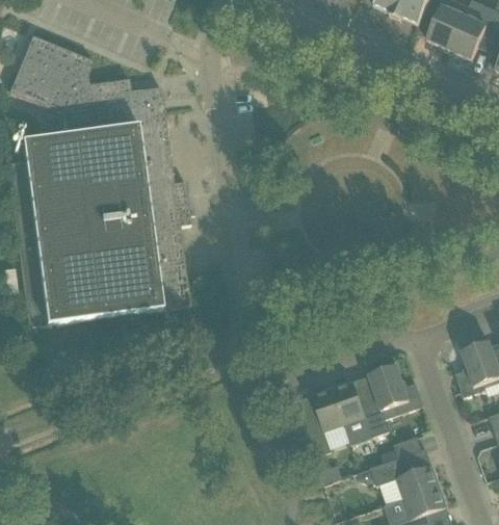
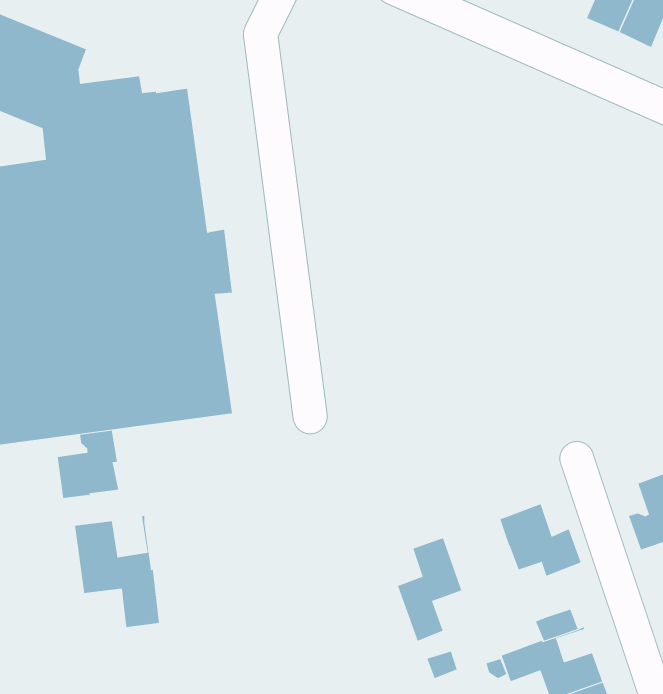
building: none -> [57,430,119,499]
building: none -> [75,514,160,628]
building: [332,380,390,443] -> none

